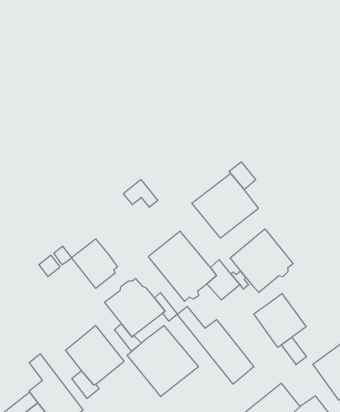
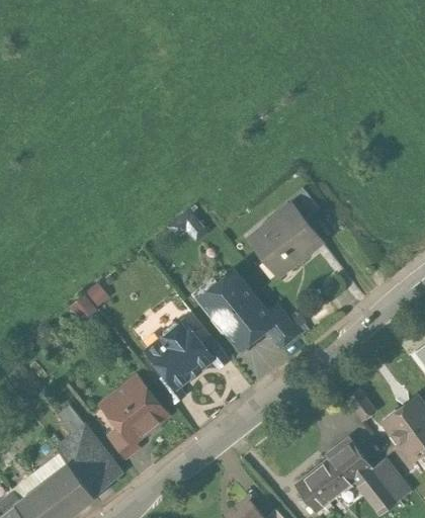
building: [230,229,293,293] -> none
building: [71,239,117,288] -> none
building: [254,293,306,347] -> none
building: [177,306,254,384] -> none
building: [127,325,198,397] -> none

